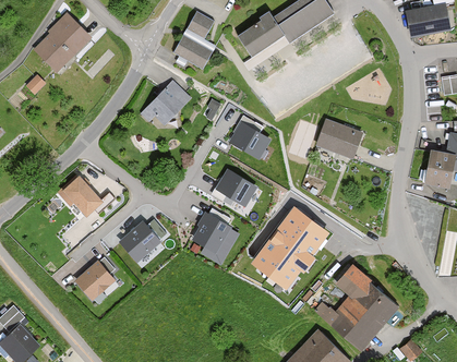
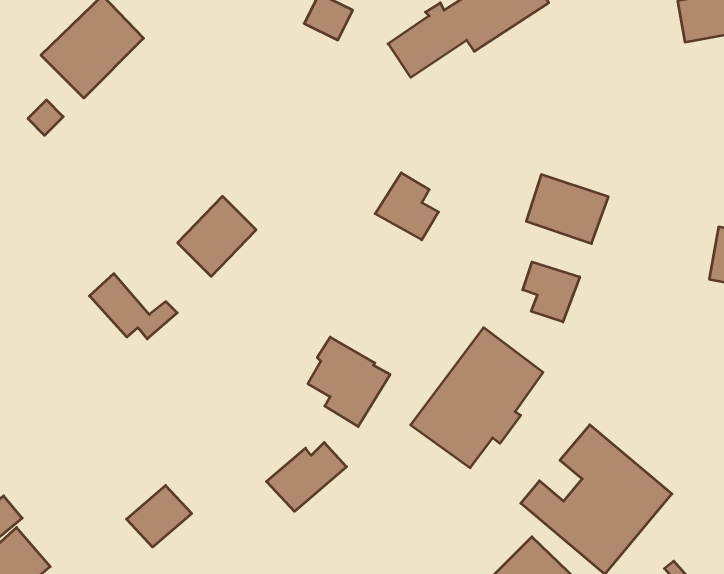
building: [176,34,215,69] -> none
building: [146,81,192,128] -> [178,196,256,276]
building: none -> [523,262,580,322]
building: [214,169,256,207] -> none
building: [118,219,165,260] -> [266,442,347,511]
building: [74,263,112,299] -> [126,485,192,547]

